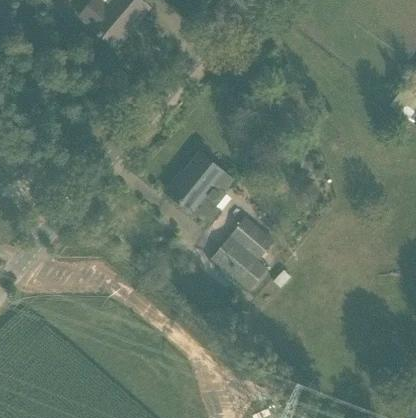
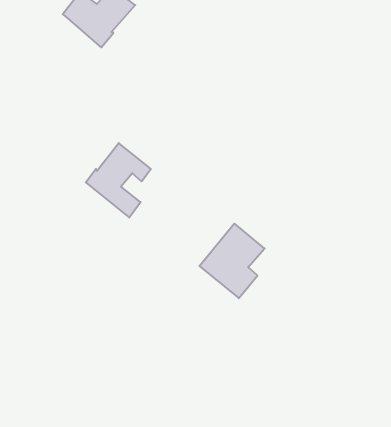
building: [168,152,231,224] -> [86,143,151,218]

